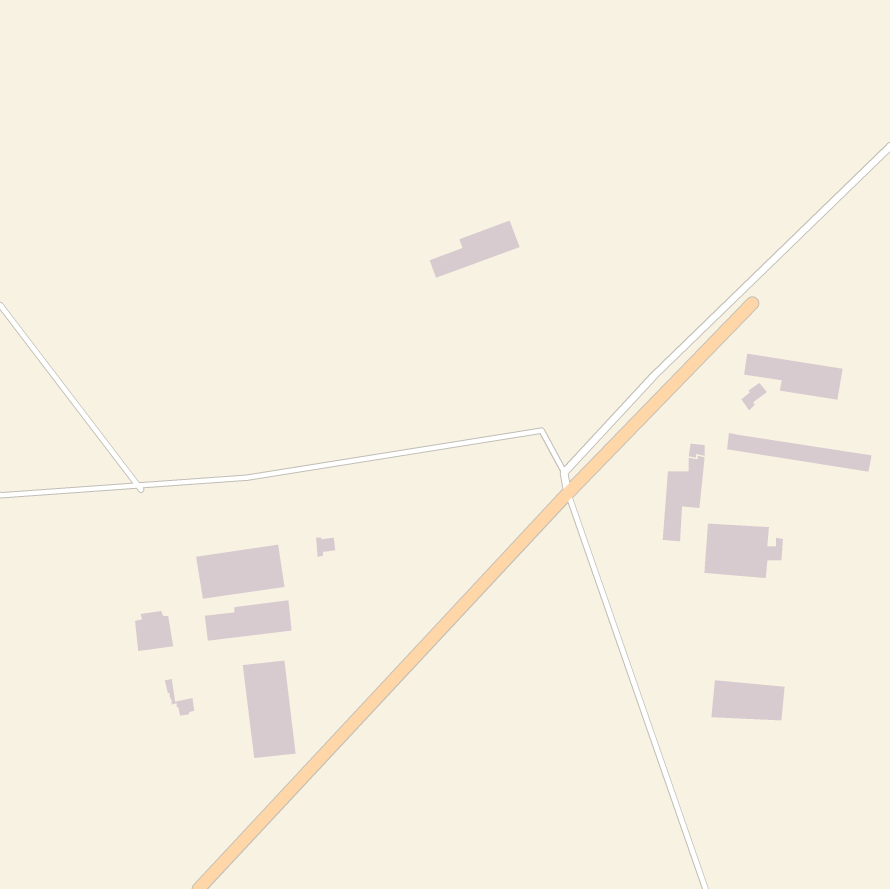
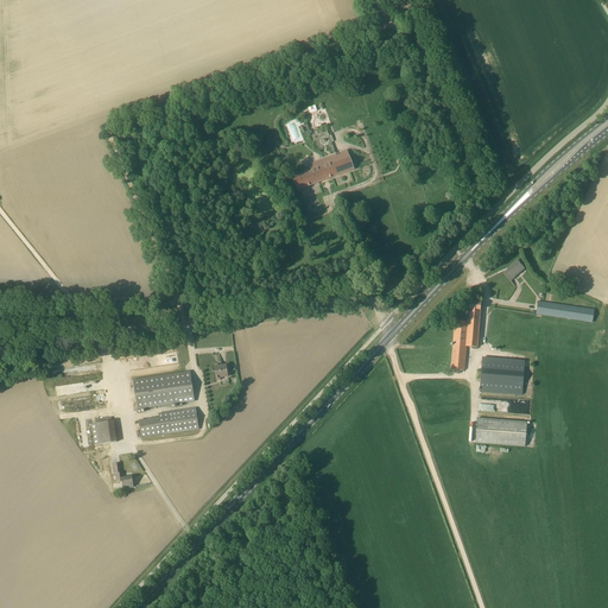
building: [743,353,843,400] -> none
building: [242,660,297,759] -> none
building: [711,679,786,721] -> [476,417,527,445]

